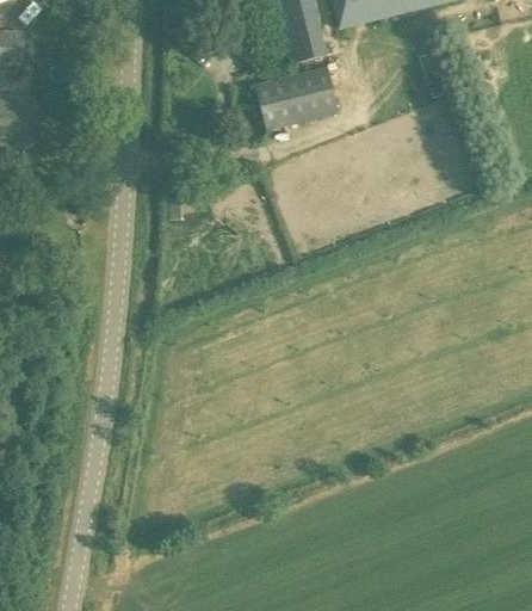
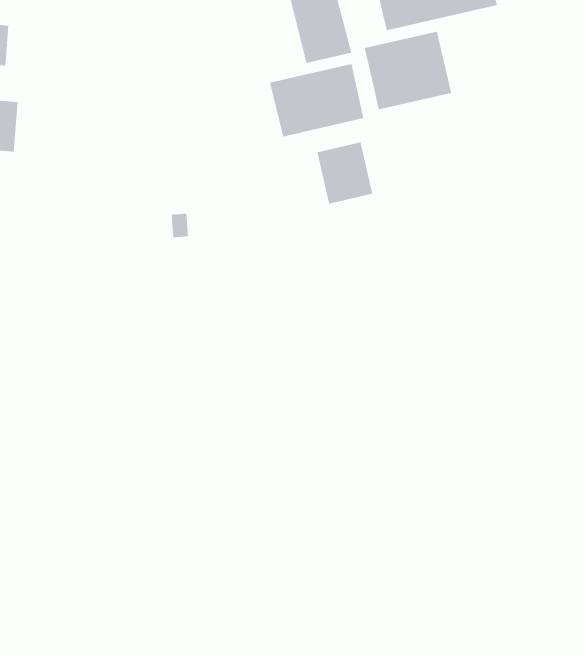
building: none -> [364,31,452,110]
building: none -> [317,142,373,204]

